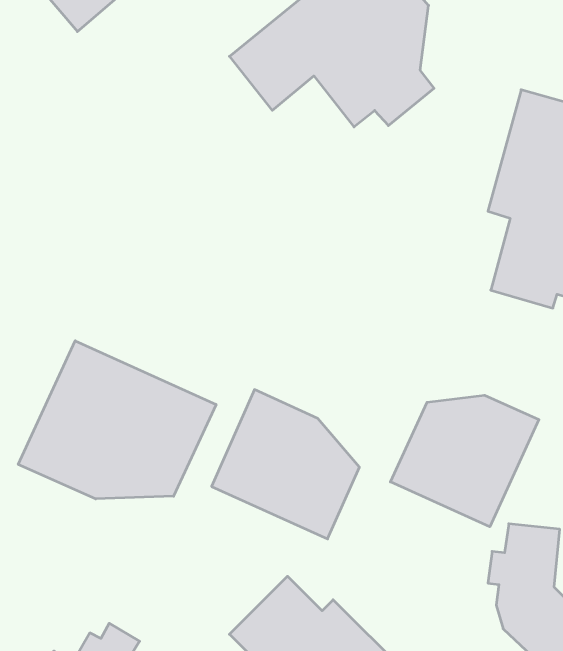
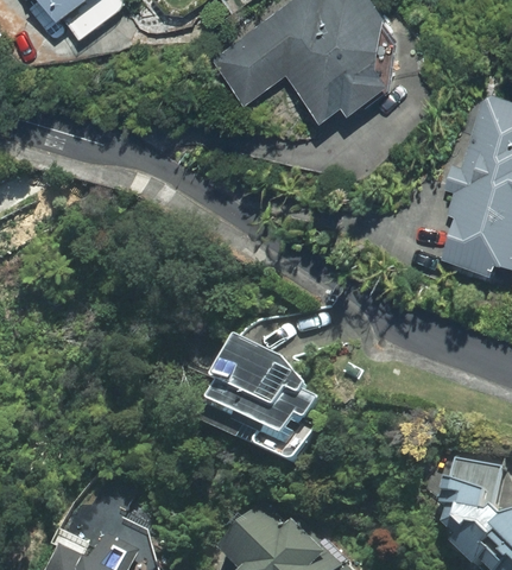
building: [18,341,216,499] -> none
building: [390,395,539,527] -> none

